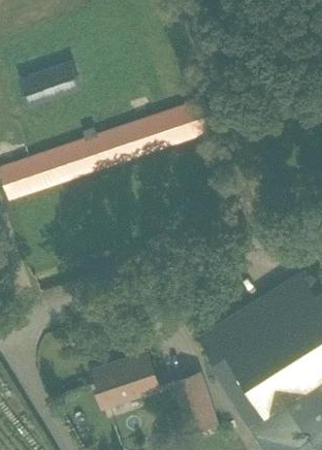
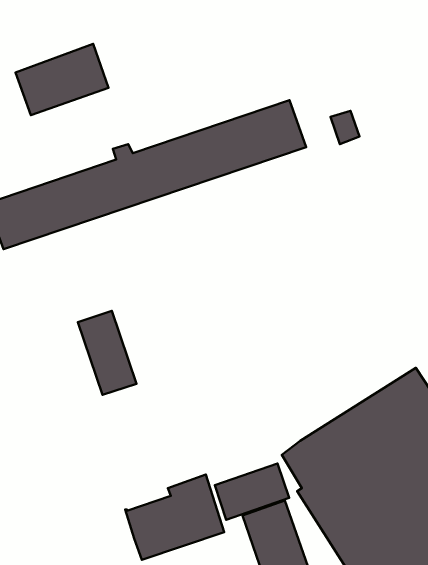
building: none -> [78,311,136,395]
building: none -> [215,463,289,520]

